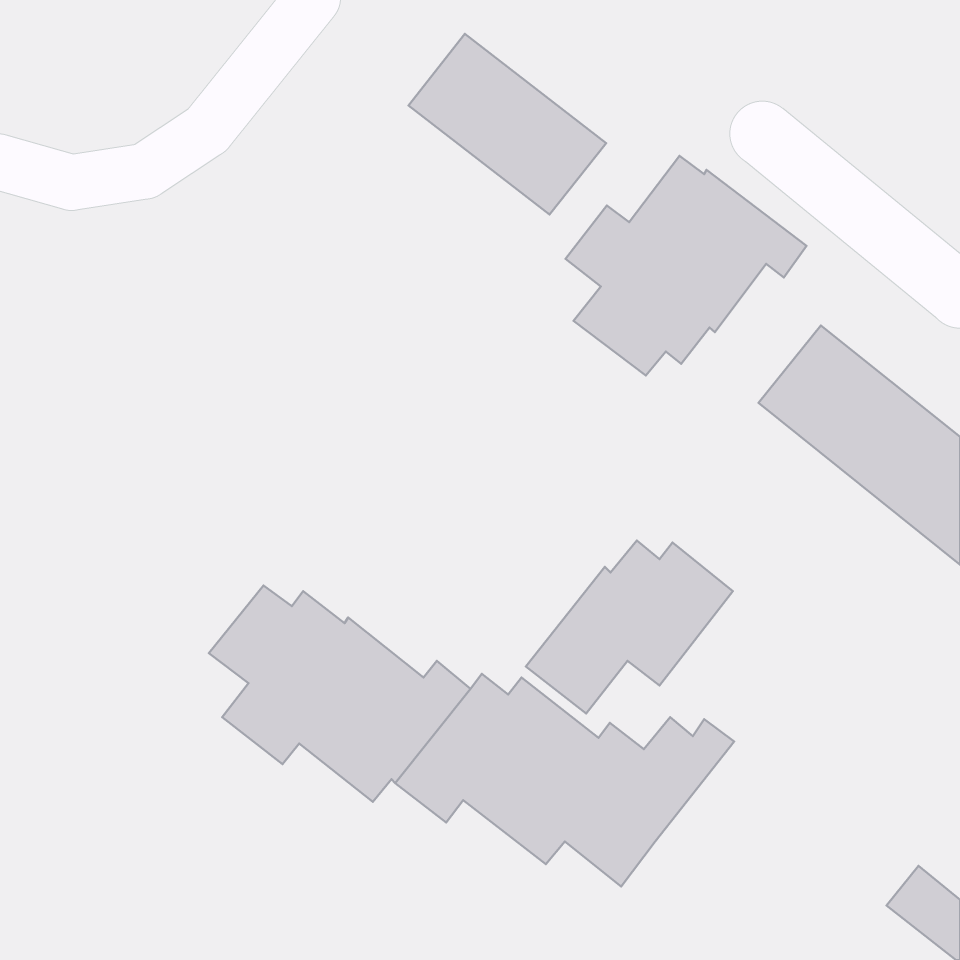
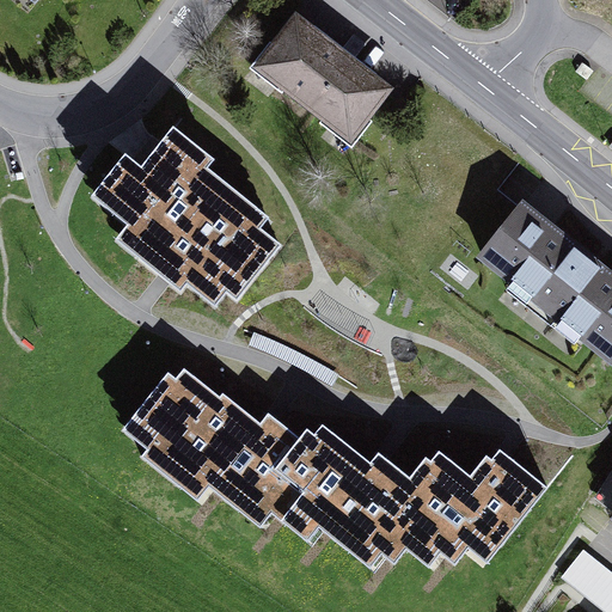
building: [566,156,807,375] -> none
building: none -> [102,127,280,300]
building: [526,540,733,714] -> [416,454,547,564]

